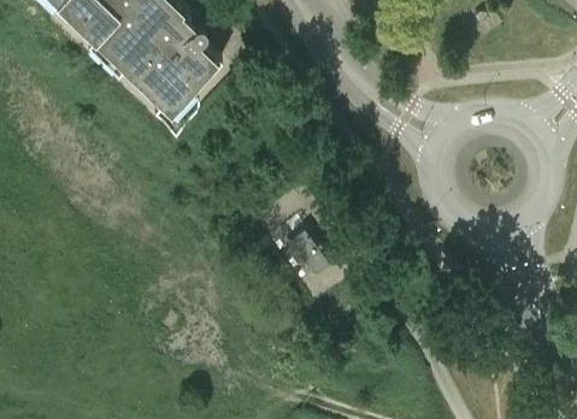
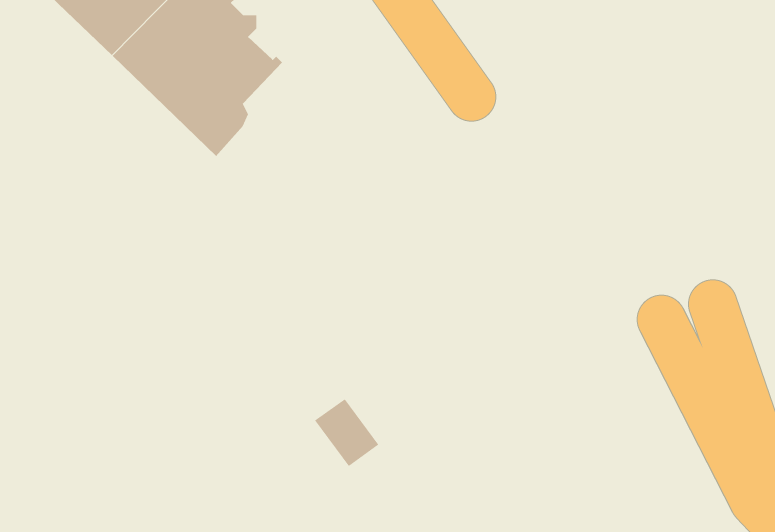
building: [281,223,326,271] -> [314,398,379,467]

